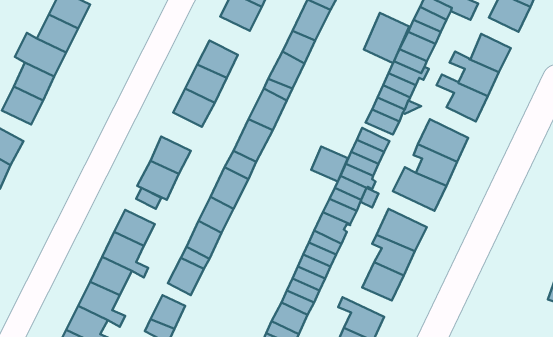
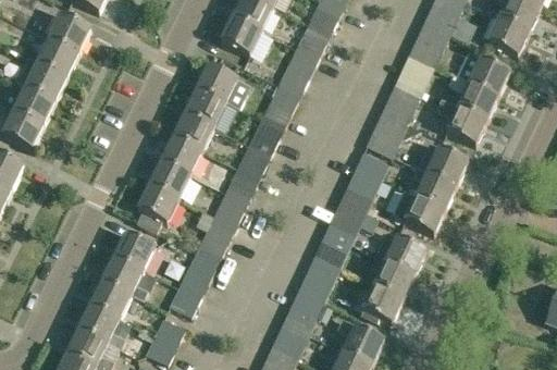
building: [364,13,409,63] -> none
building: none -> [162,135,202,173]
building: [311,147,348,181] -> none

